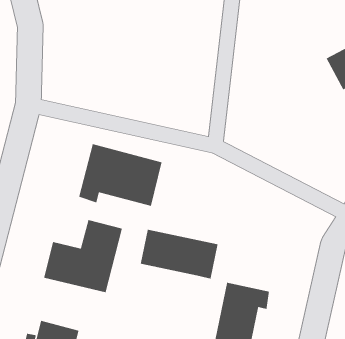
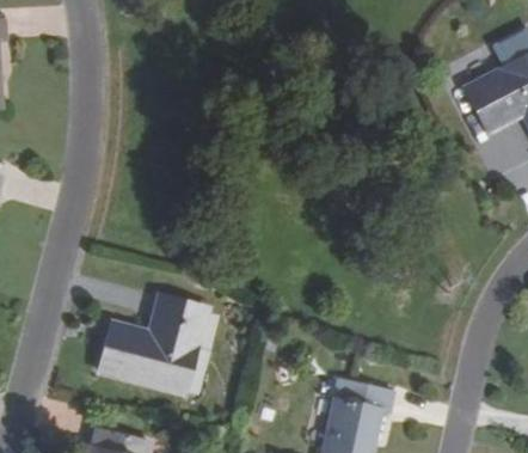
building: [78,143,163,207] -> none
building: [140,229,218,279] -> none

